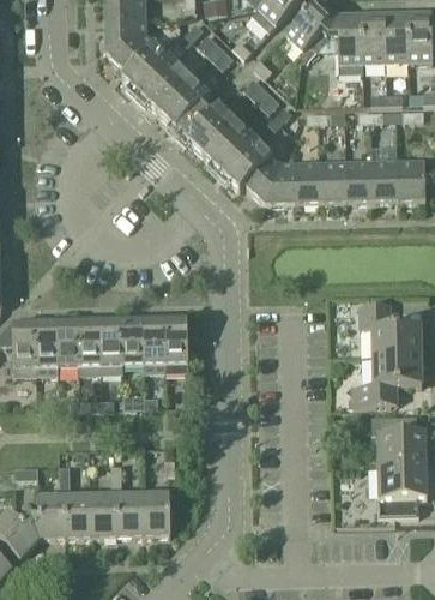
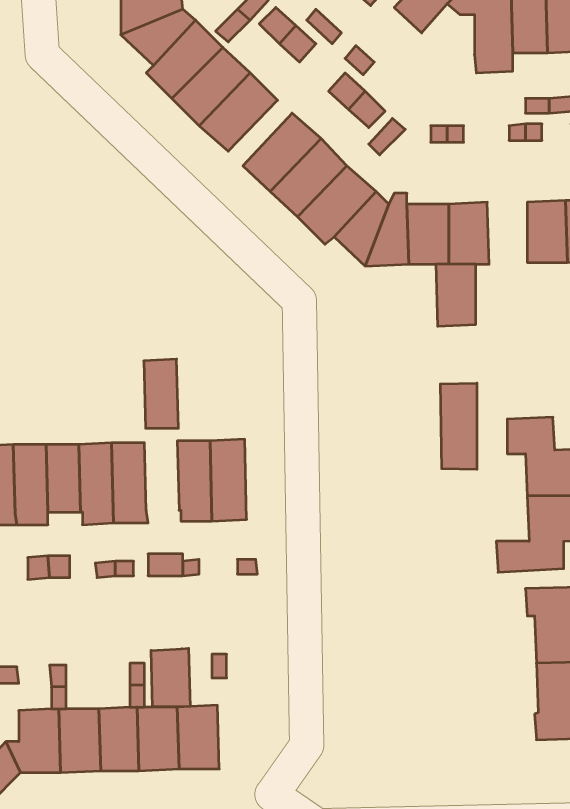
building: [345,161,371,202] -> [436,264,476,326]
building: none -> [440,383,477,469]
building: [120,318,143,364] -> [144,359,178,428]
building: none -> [151,648,190,707]

